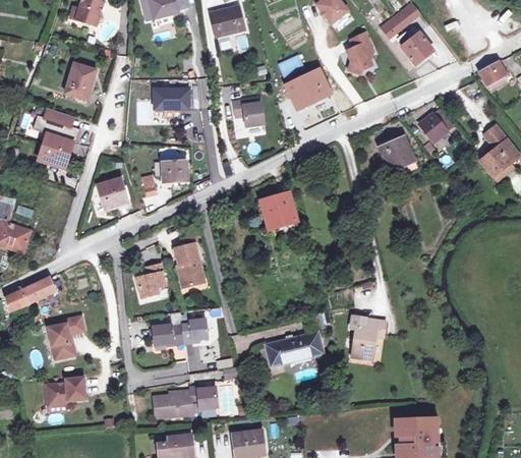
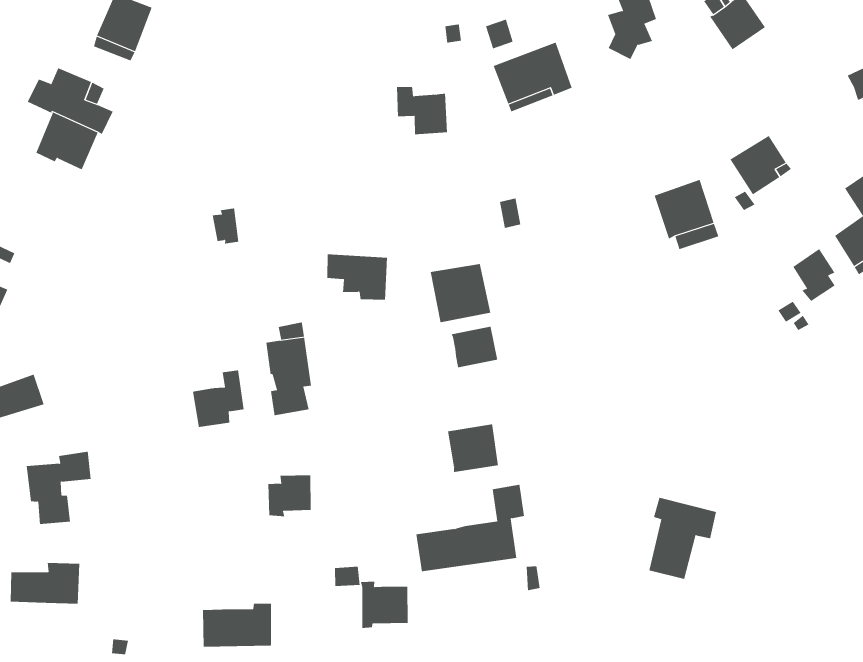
building: [154,89,188,109] -> none
building: [153,161,187,185] -> [327,254,388,300]
building: none -> [792,248,835,302]
building: [97,178,127,209] -> none
building: none -> [451,326,498,368]
building: none -> [447,423,499,473]
building: [351,316,386,359] -> [648,497,717,579]
building: [152,321,184,344] -> none
building: [189,386,218,412] -> [360,581,409,628]

